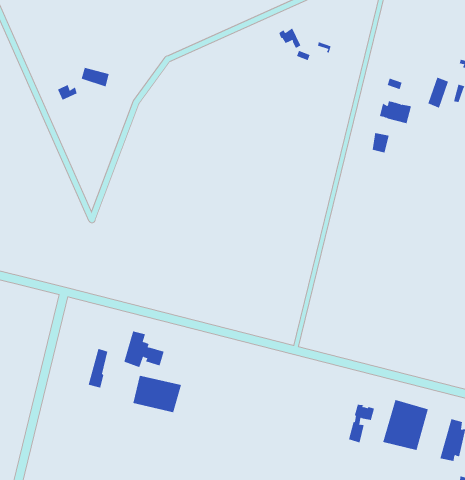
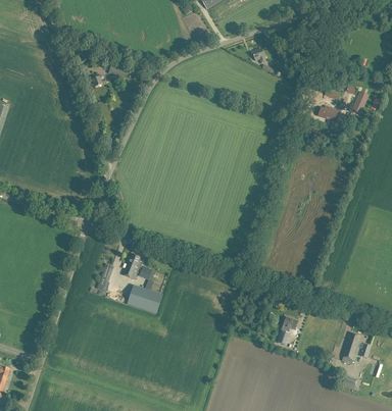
building: [383,399,428,451] -> none

